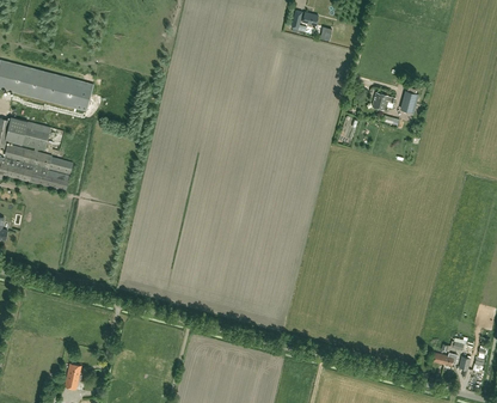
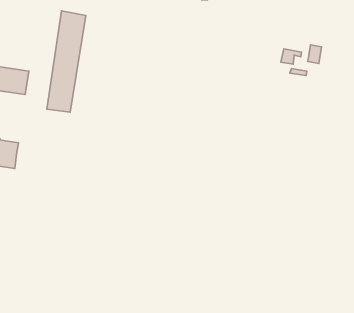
building: none -> [47,11,86,112]

